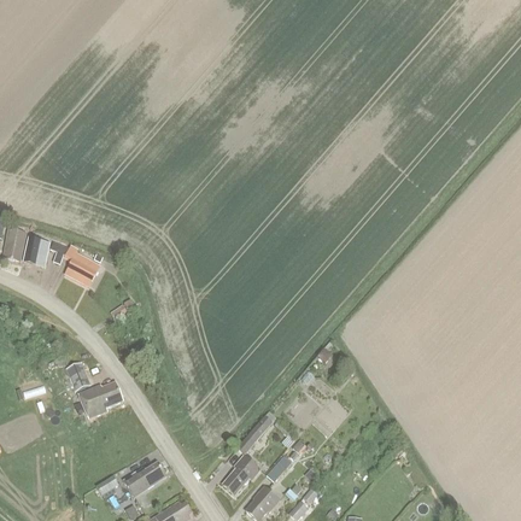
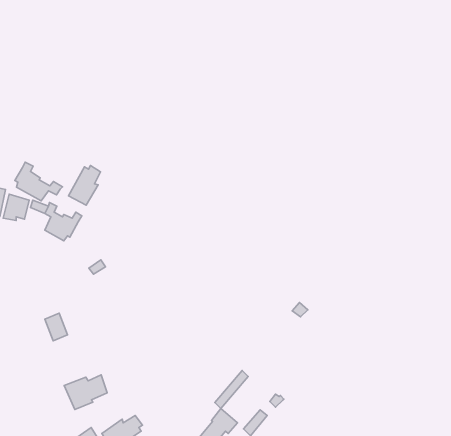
building: none -> [15,162,62,201]
building: none -> [69,165,101,205]
building: [78,381,122,416] -> [64,375,107,409]

